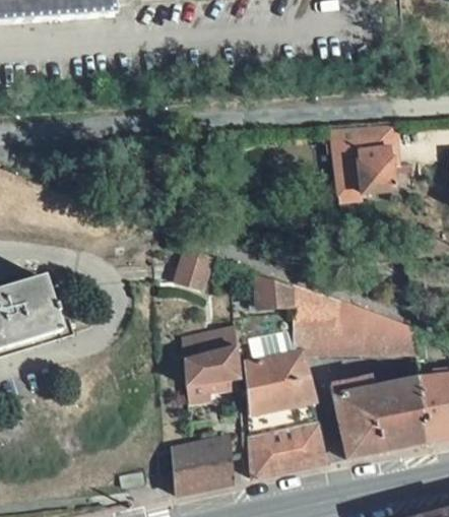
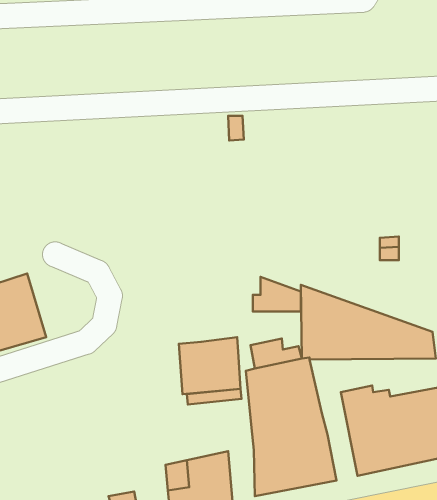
building: [292,122,397,203] -> none
building: [175,242,207,283] -> none

